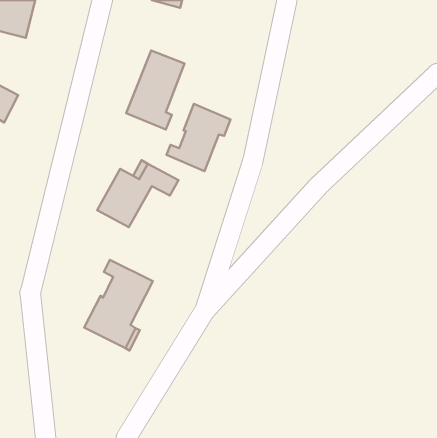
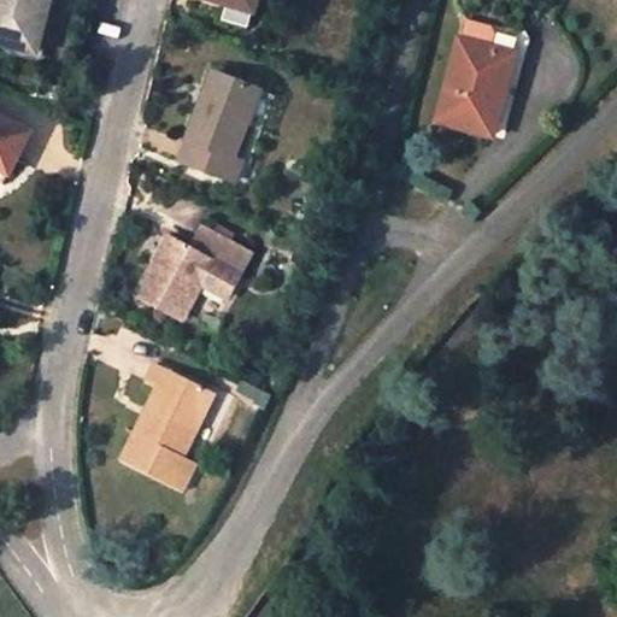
building: none -> [439,19,521,134]
building: [166,104,230,171] -> none

